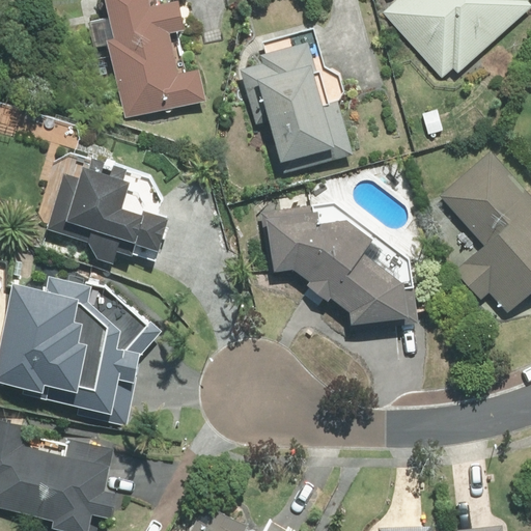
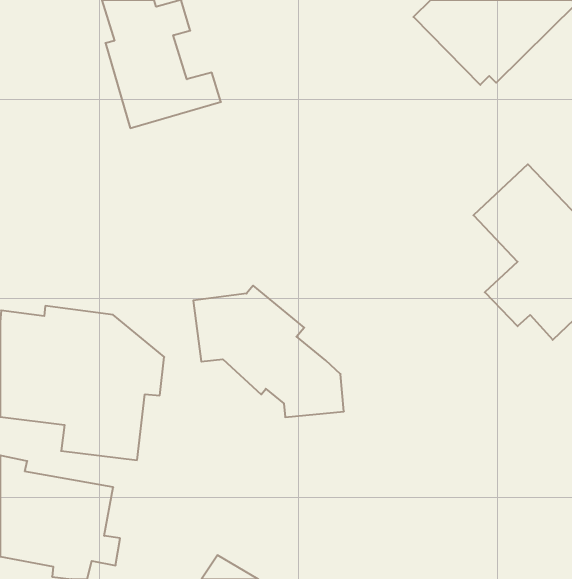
building: [240,39,354,177] -> none
building: [46,159,166,259] -> none
building: [264,202,402,323] -> [193,286,344,417]

